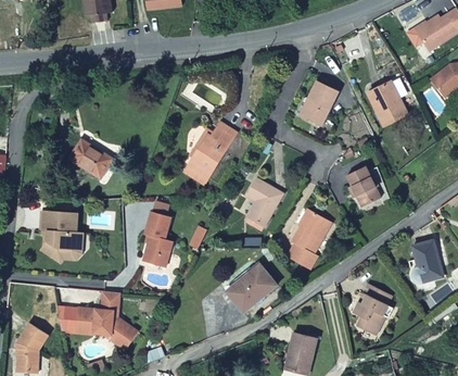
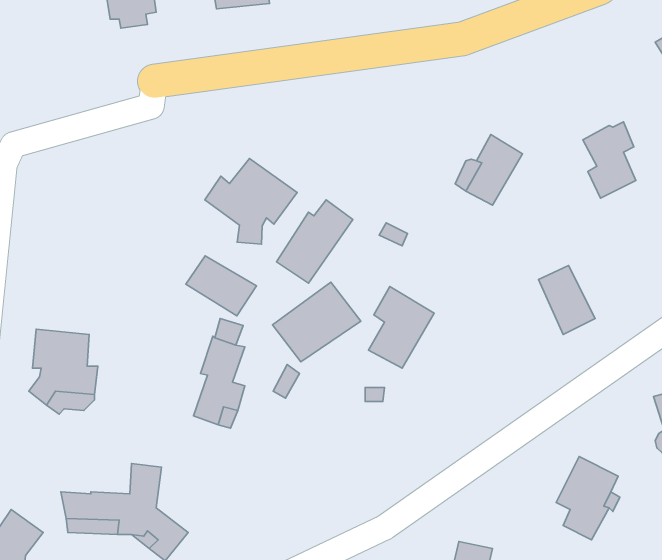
building: none -> [205,158,297,244]
building: [67,139,111,176] -> [186,256,256,316]
building: [287,213,329,272] -> none
building: [218,258,272,306] -> [272,282,361,362]

